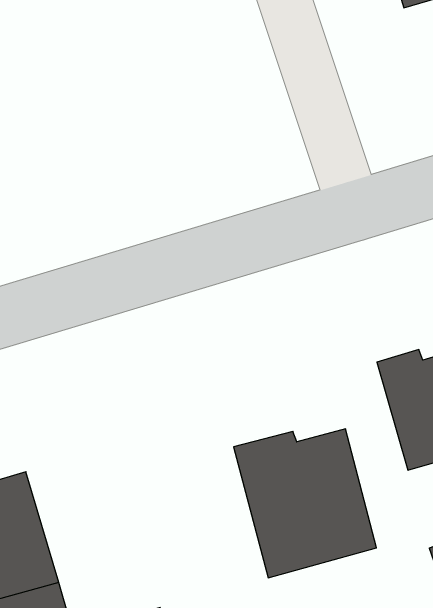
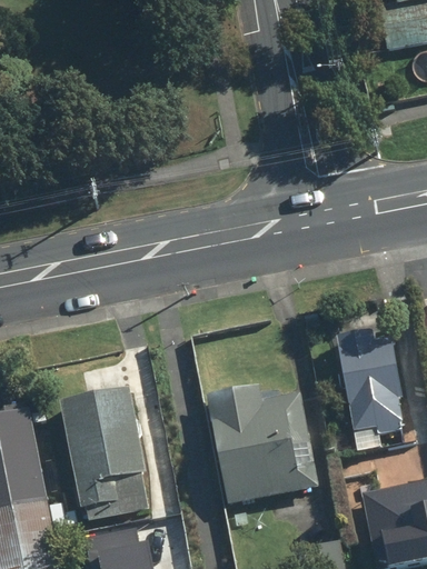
building: none -> [73,379,159,501]

